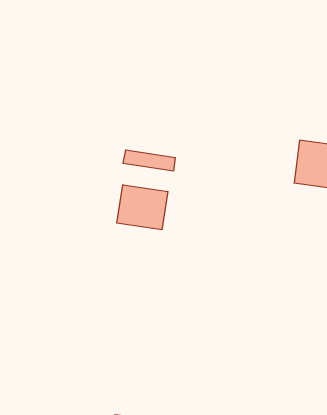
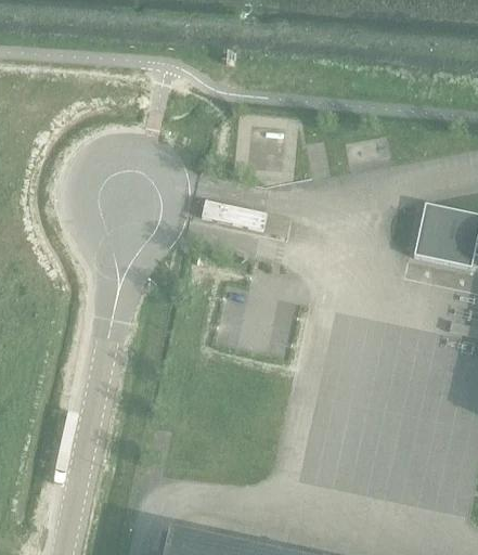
building: [117,185,168,230] -> none

